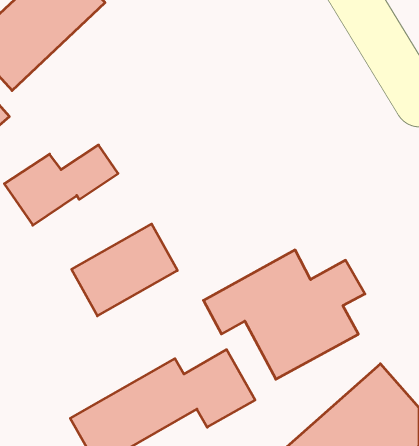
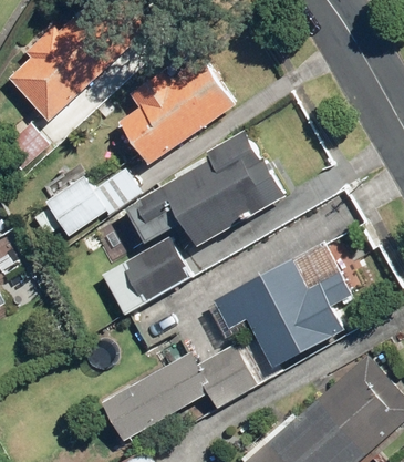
building: none -> [117,60,235,165]
building: none -> [133,132,269,246]

